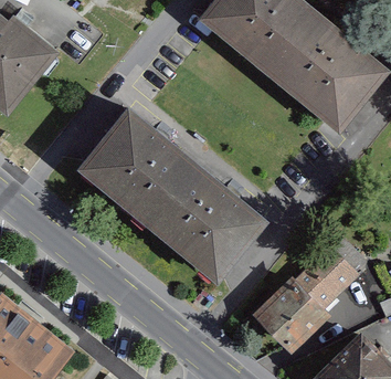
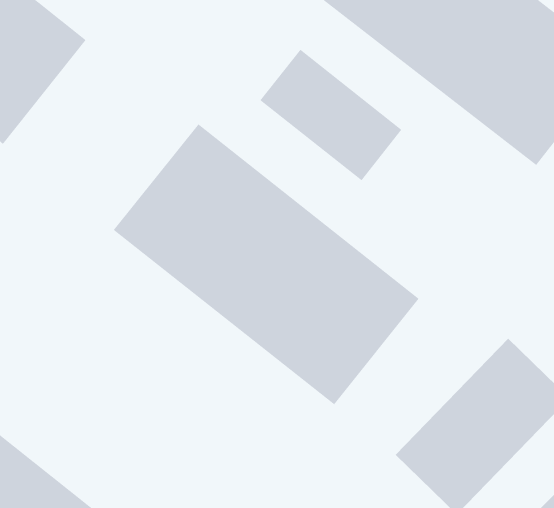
building: none -> [260,49,402,181]

